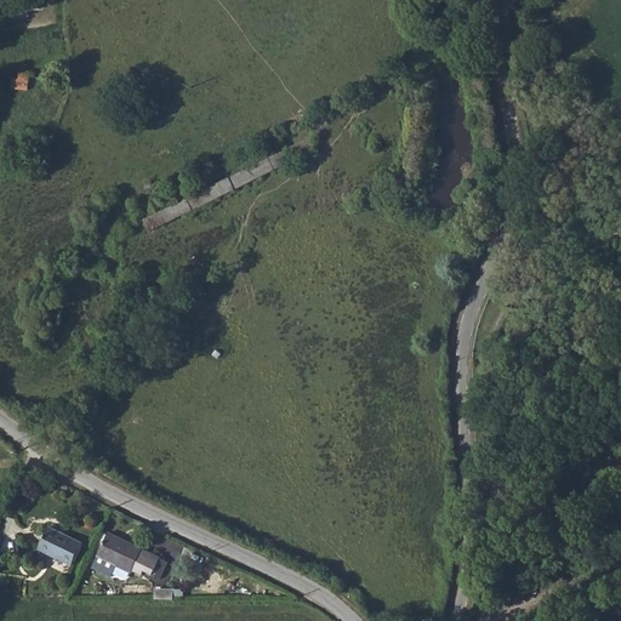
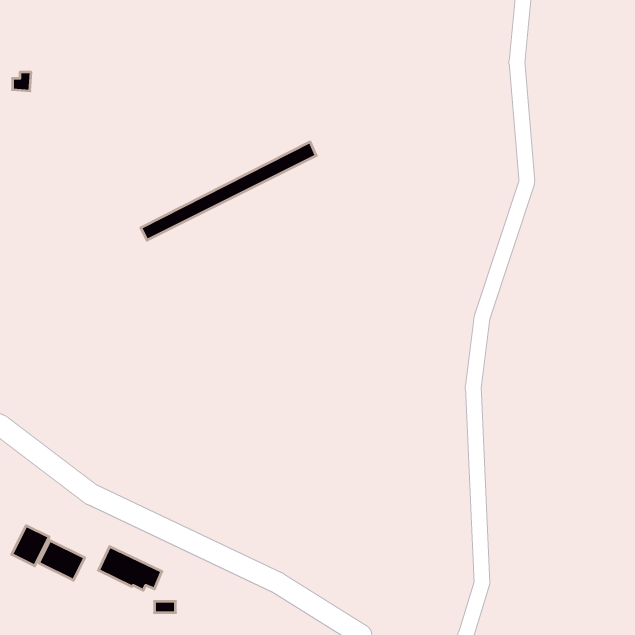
building: none -> [12,526,49,566]

